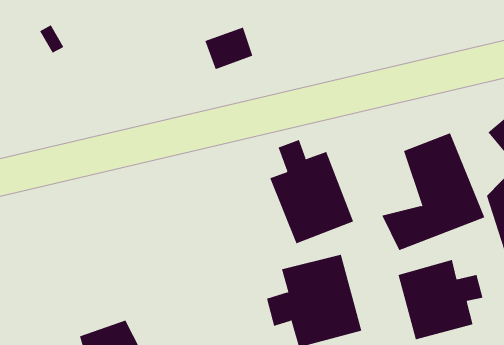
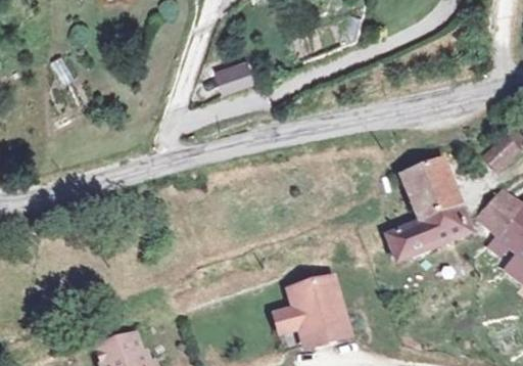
building: [270,139,354,244] -> none
building: [398,259,483,340] -> none

